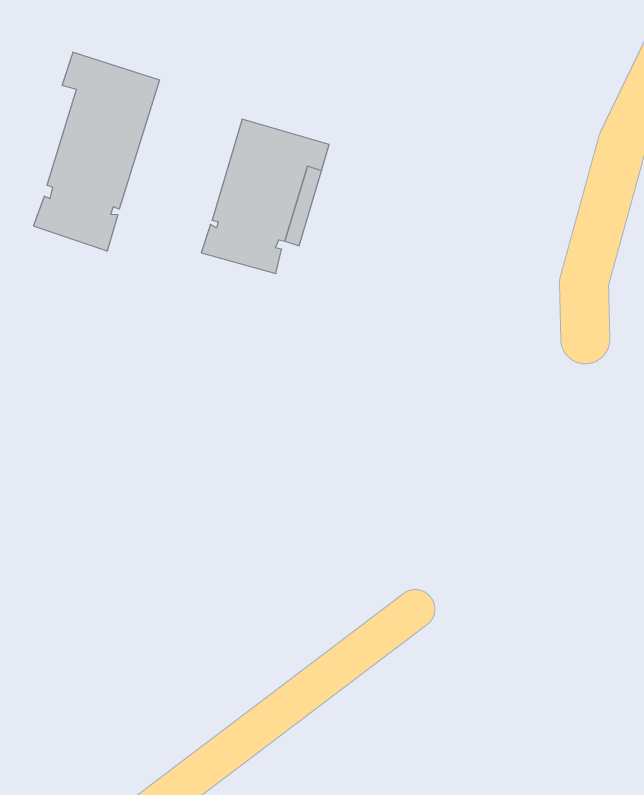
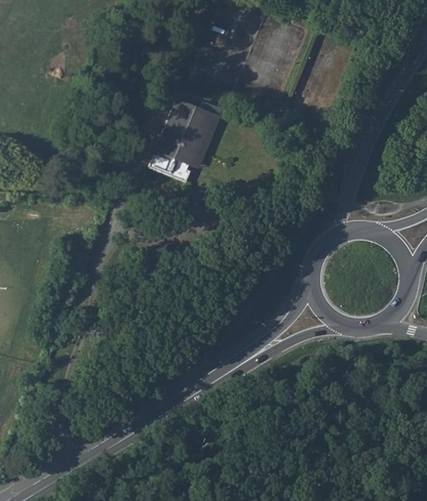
building: [34,52,159,251] -> none

